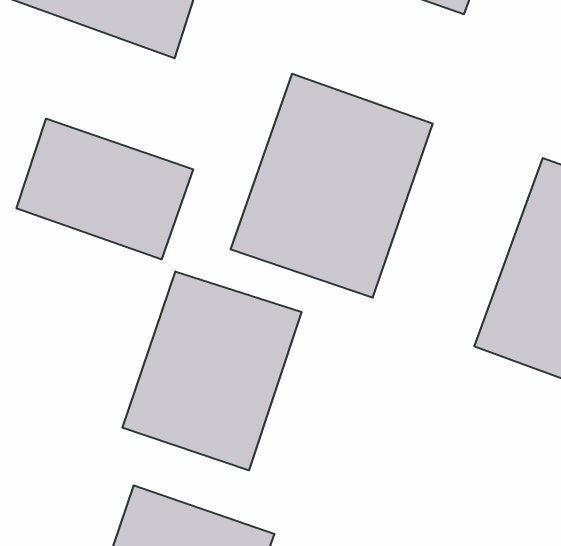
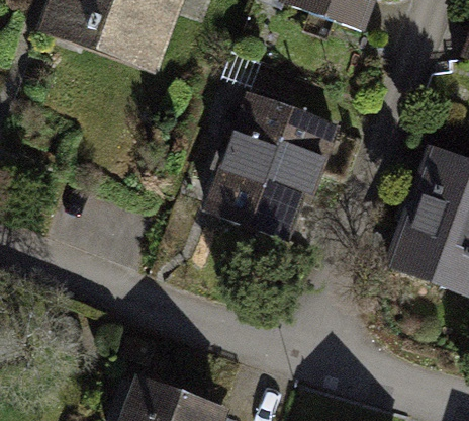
building: [17,119,193,259] -> none
building: [122,271,302,470] -> none

